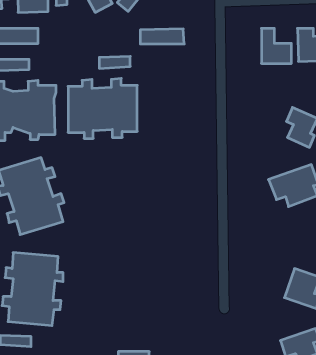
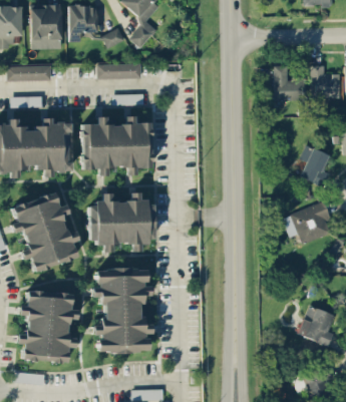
building: [140,29,184,44] -> [97,63,141,78]
building: none -> [88,192,153,252]
building: none -> [91,269,150,352]

